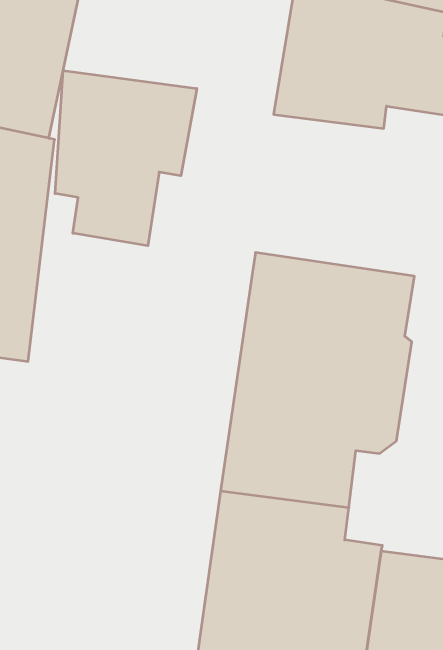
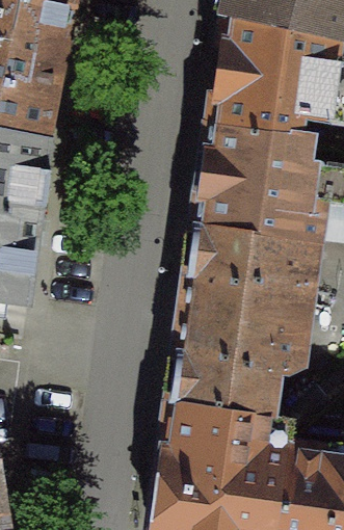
building: [55,70,197,246] -> none
building: none -> [201,124,332,244]

